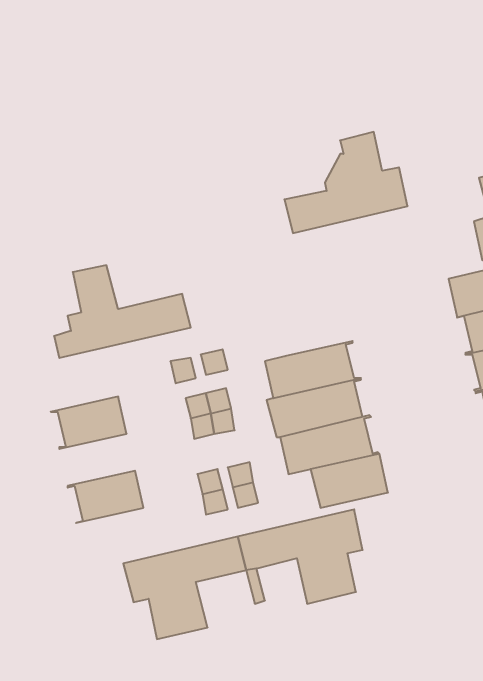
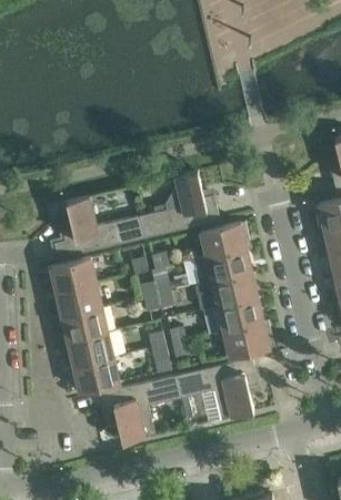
building: [284,132,408,233] -> [139,172,220,238]
building: none -> [201,222,251,257]
building: none -> [46,258,97,294]
building: none -> [58,308,108,343]
building: none -> [69,357,120,392]

